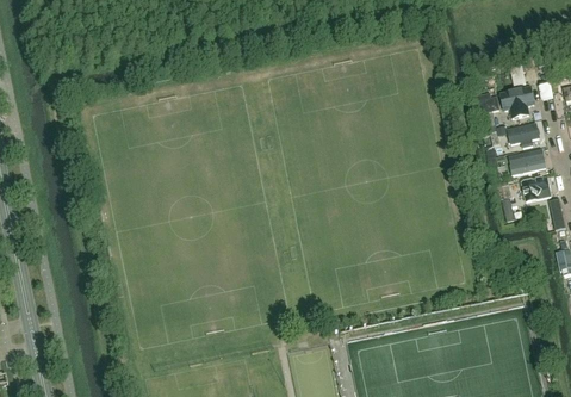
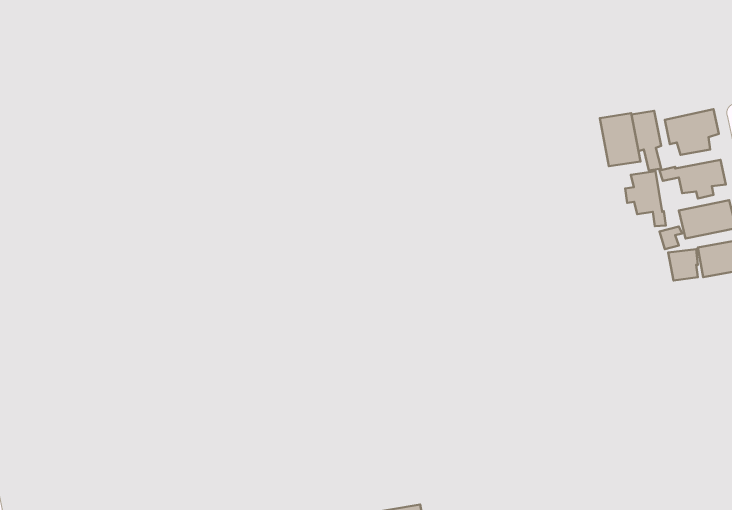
building: none -> [600,113,640,166]
building: none -> [625,171,666,226]

